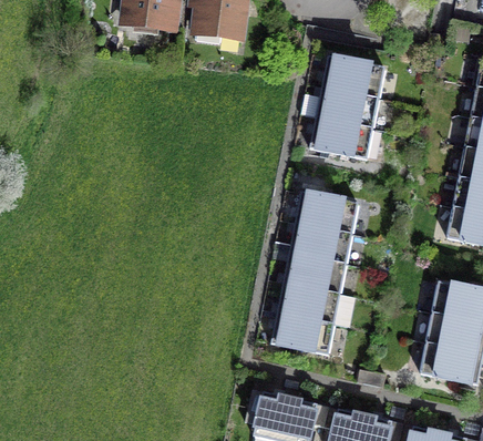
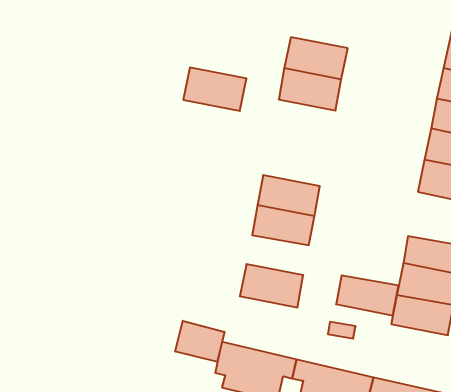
building: [321,55,383,95] -> none
building: [294,189,357,233] -> [183,67,247,111]
building: [277,281,339,321] -> [336,275,398,315]
building: none -> [175,321,224,362]

